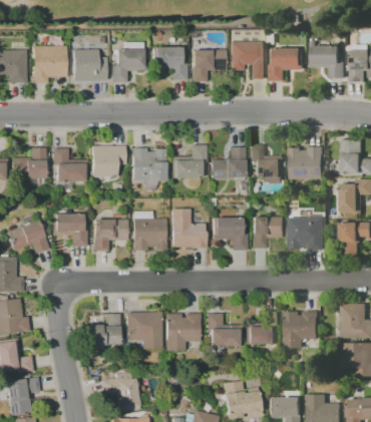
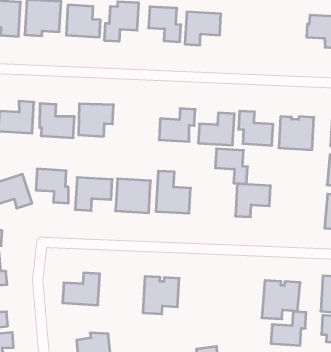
building: [232,41,267,78] -> none
building: [272,47,305,81] -> none
building: [132,148,166,180] -> none
building: [292,217,326,250] -> none
building: [215,218,247,251] -> [215,149,248,184]
building: [127,312,163,349] -> none
building: [248,312,281,345] -> [271,312,306,345]
building: [208,313,242,347] -> none

